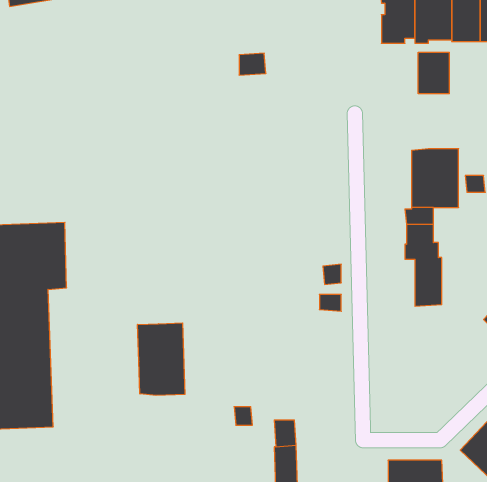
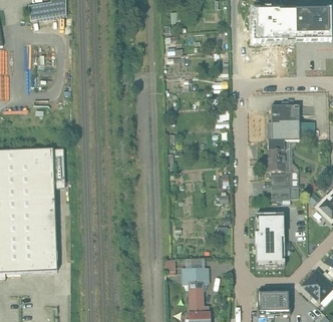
building: [418,52,449,94] -> none
building: [138,323,185,395] -> none
building: none -> [255,212,284,266]

